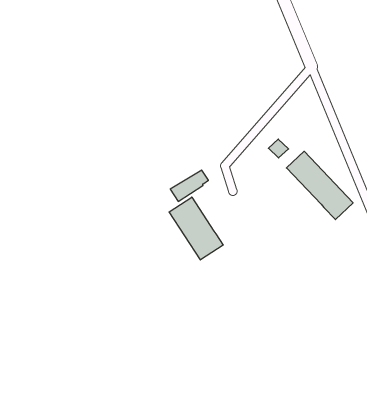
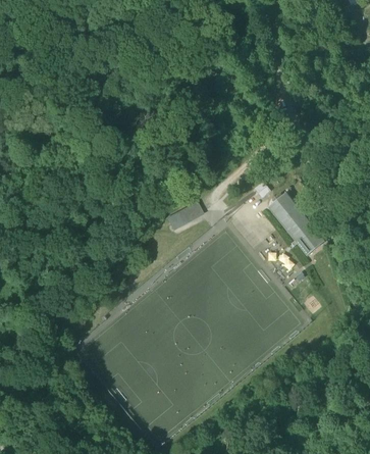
building: [169,197,223,260] -> none

